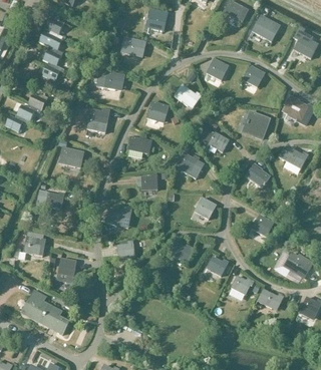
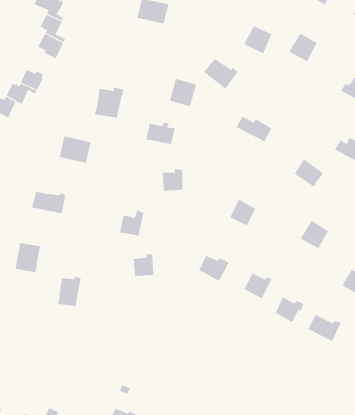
building: [97,69,124,90] -> none
building: [244,112,269,138] -> none
building: [177,152,204,178] -> none
building: [21,289,70,335] -> none

